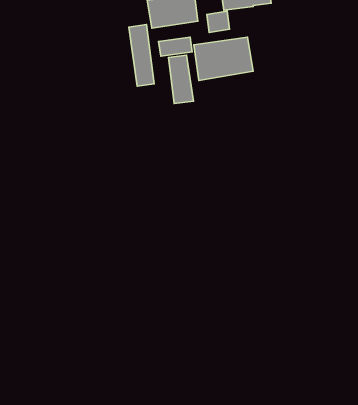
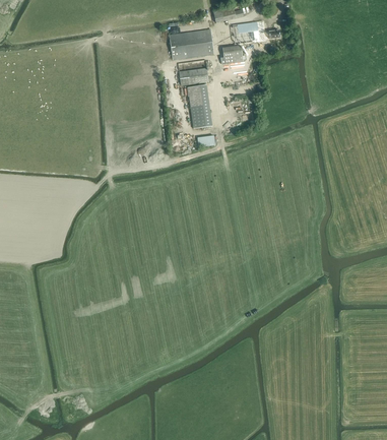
building: [129,24,154,86] -> none
building: [194,37,253,80] -> none

